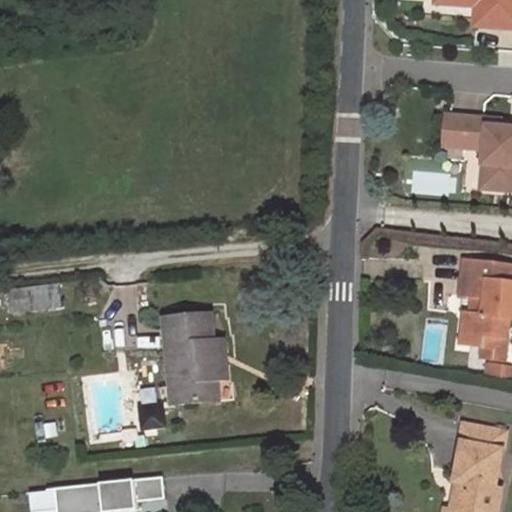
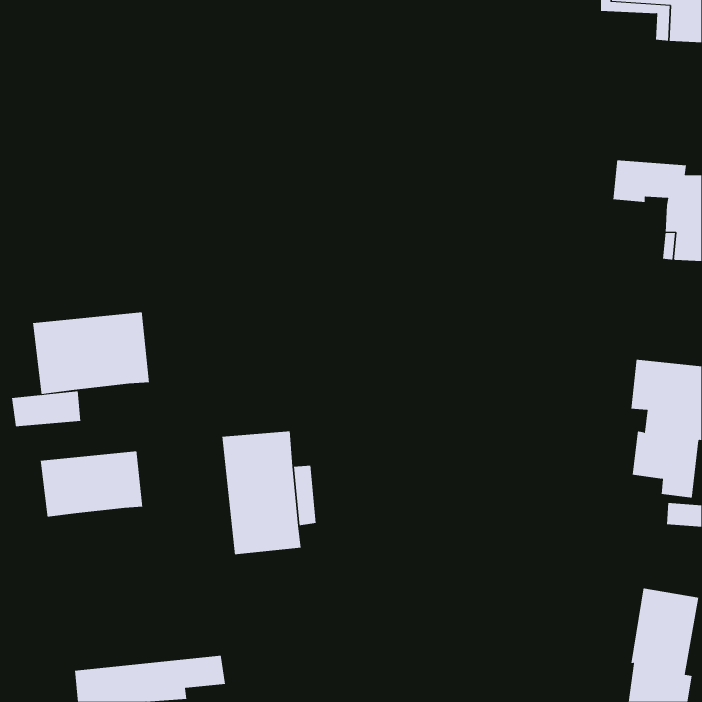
building: none -> [32,312,149,395]
building: none -> [40,450,143,518]

